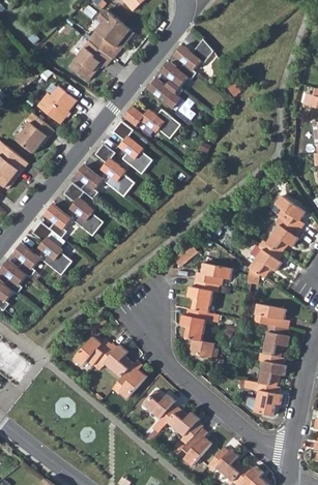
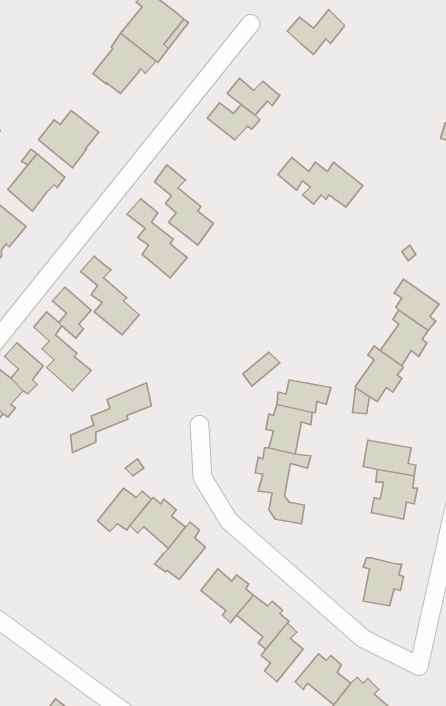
building: [176,42,214,72] -> [287,9,344,54]
building: [126,103,183,137] -> [278,158,363,207]
building: [78,165,103,199] -> none
building: none -> [70,383,152,452]
building: [257,354,285,388] -> none

